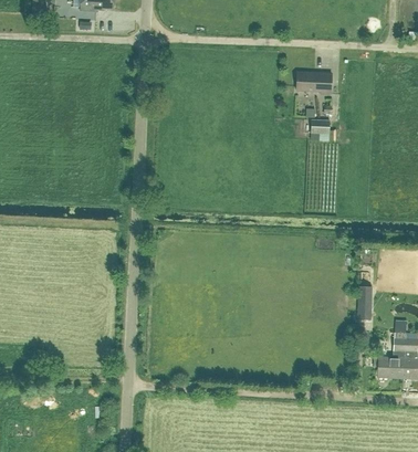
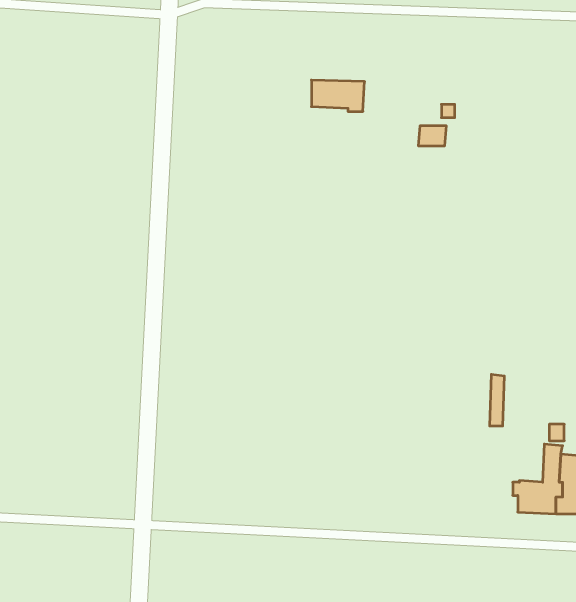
building: [295,71,331,92] -> [311,80,365,111]

